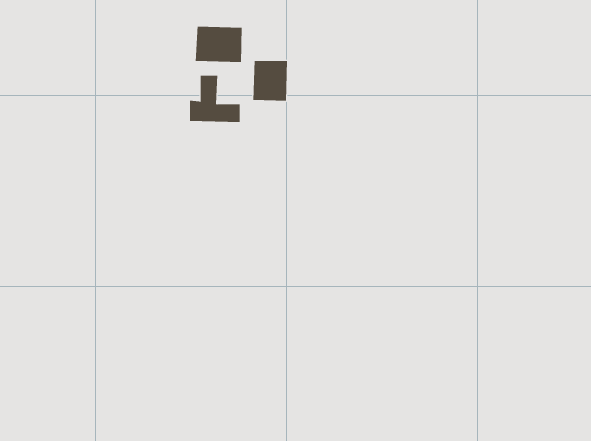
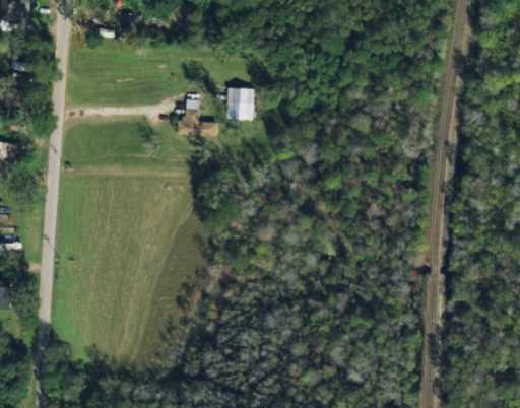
building: [195,26,242,63] -> none

